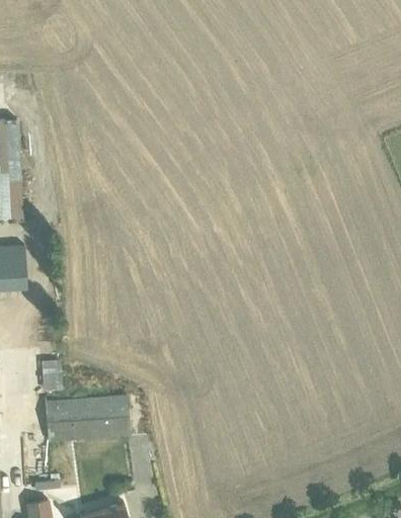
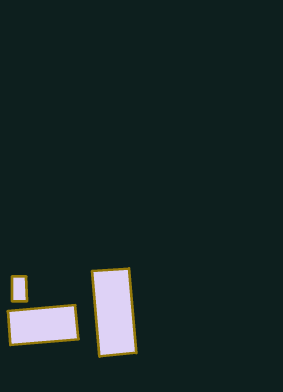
building: none -> [92,268,136,357]

